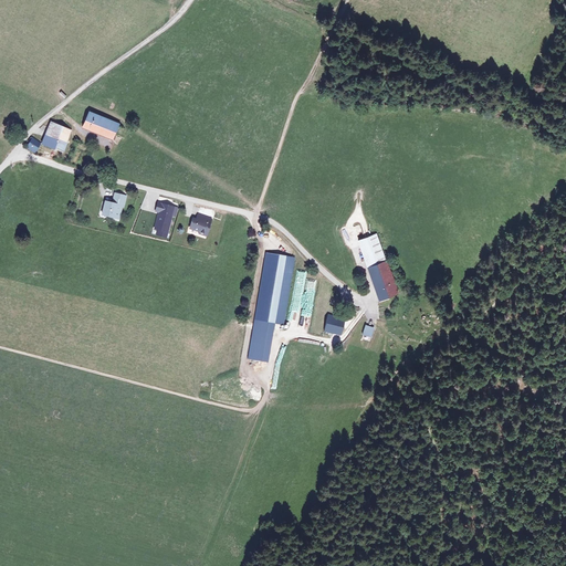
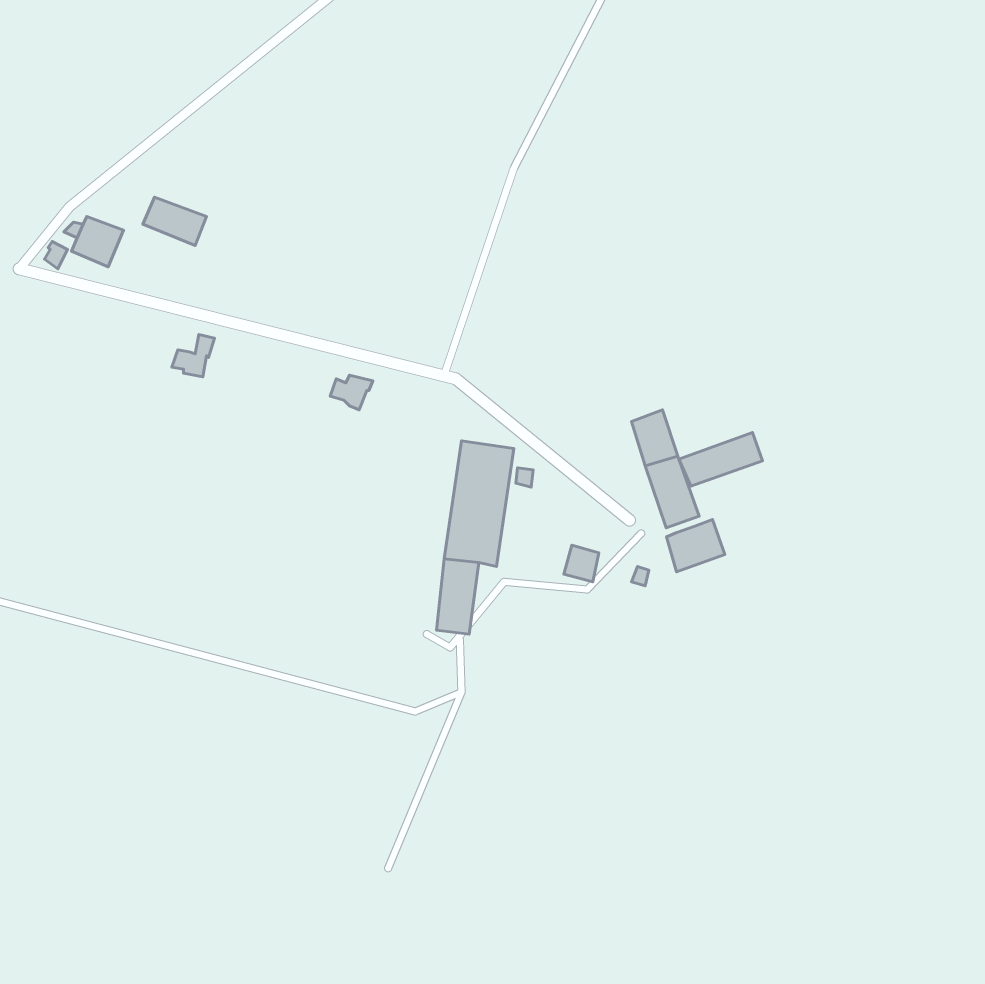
building: [155,201,177,235] -> none
building: none -> [679,433,763,486]
building: none -> [666,520,725,572]

